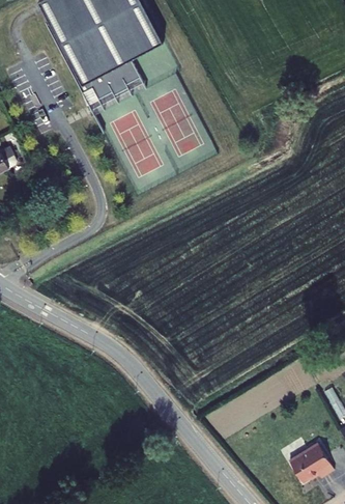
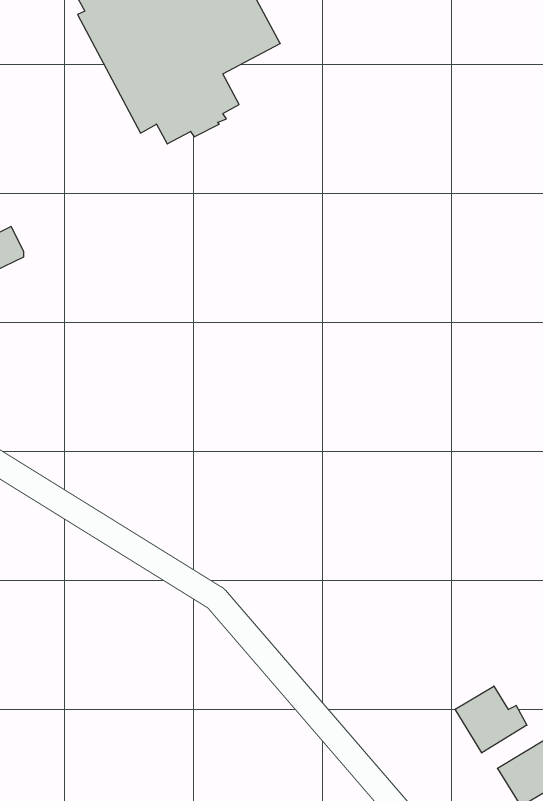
building: none -> [455,686,527,753]

